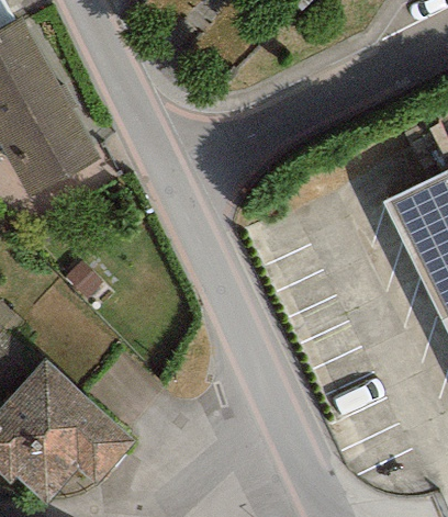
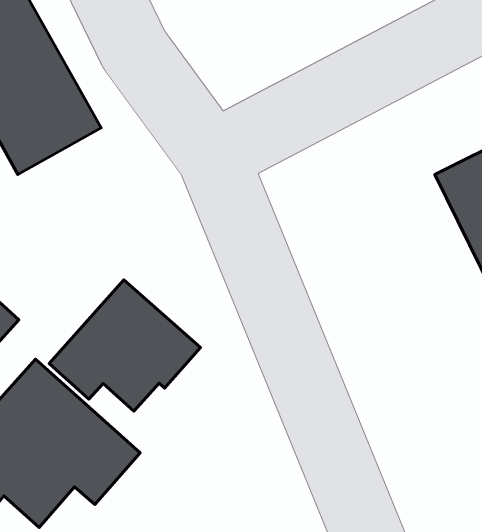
building: none -> [49,280,201,411]

